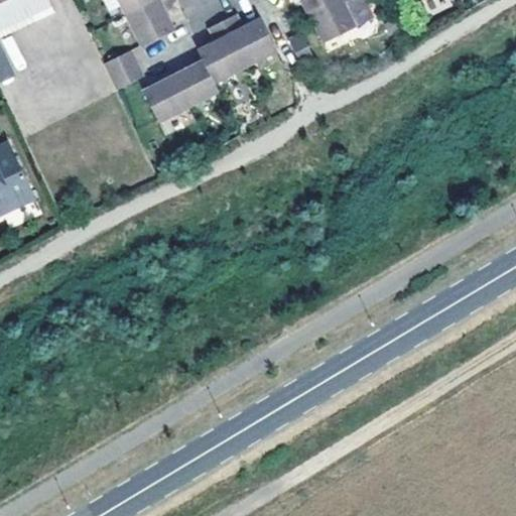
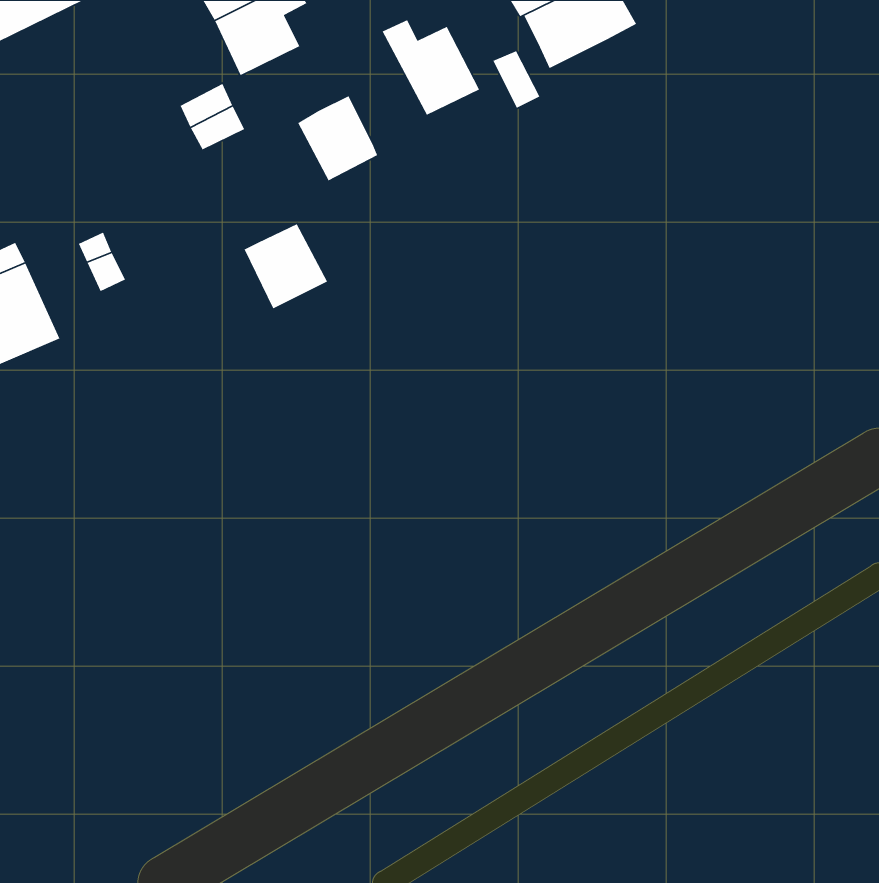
building: [199,18,249,84] -> none
building: [142,72,191,122] -> [244,223,328,310]

